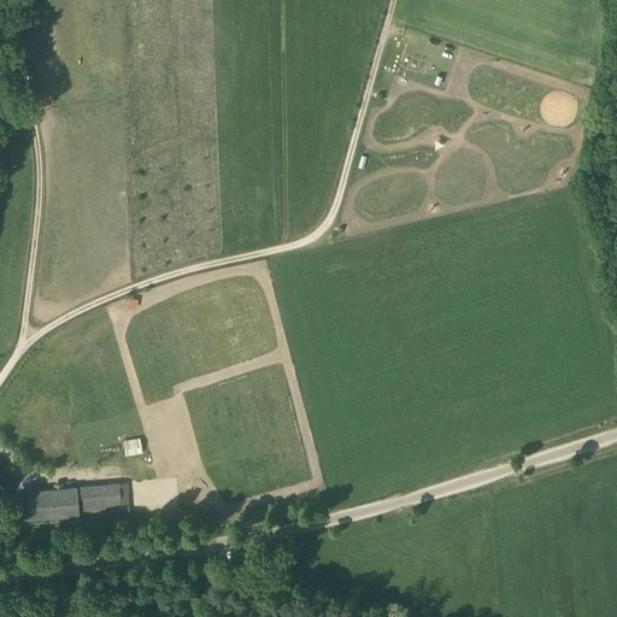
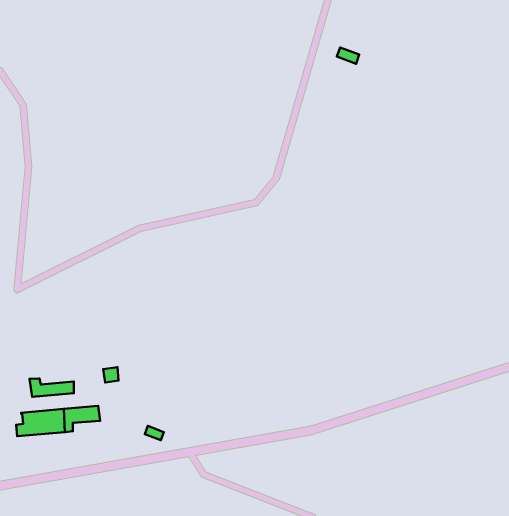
building: none -> [29,378,74,397]

